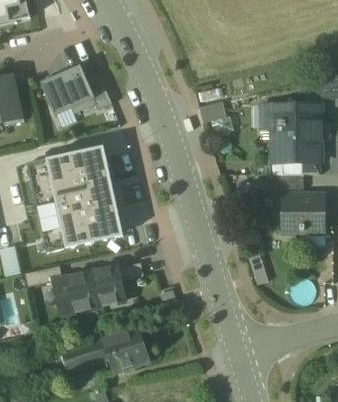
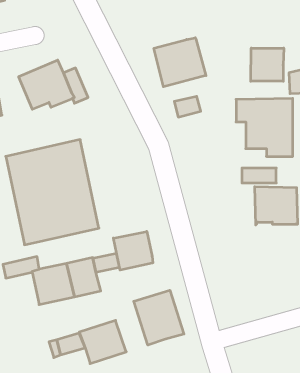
building: none -> [154,38,206,87]
building: none -> [251,48,284,81]
building: none -> [113,231,153,270]
building: none -> [134,290,184,345]

